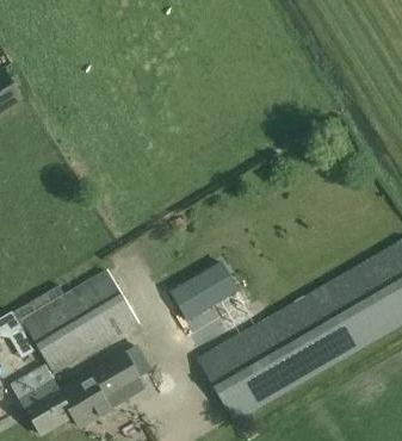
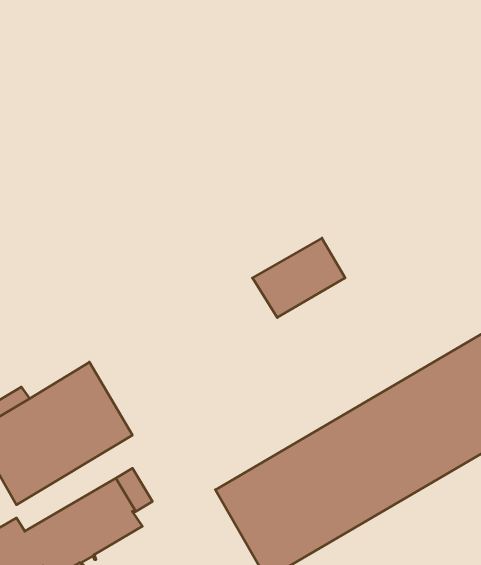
building: [169,261,236,318] -> [252,238,345,318]

